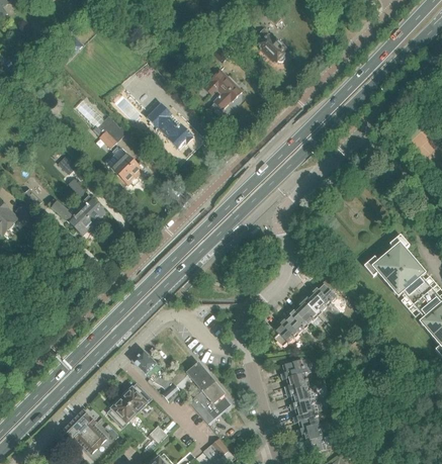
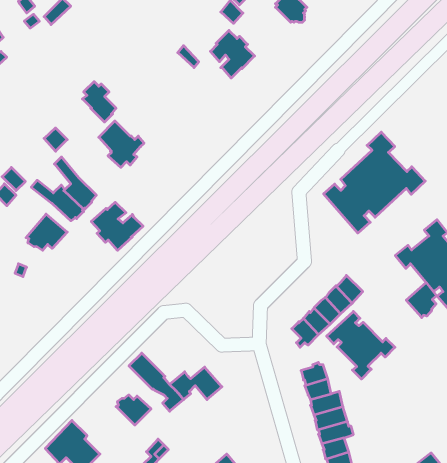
building: [147,104,192,149] -> none
building: none -> [324,132,425,233]
building: none -> [91,202,143,250]
building: none -> [26,214,67,250]
building: none -> [406,283,437,318]
building: none -> [327,311,395,379]
building: [189,379,231,424] -> none
building: [107,396,138,427] -> none

